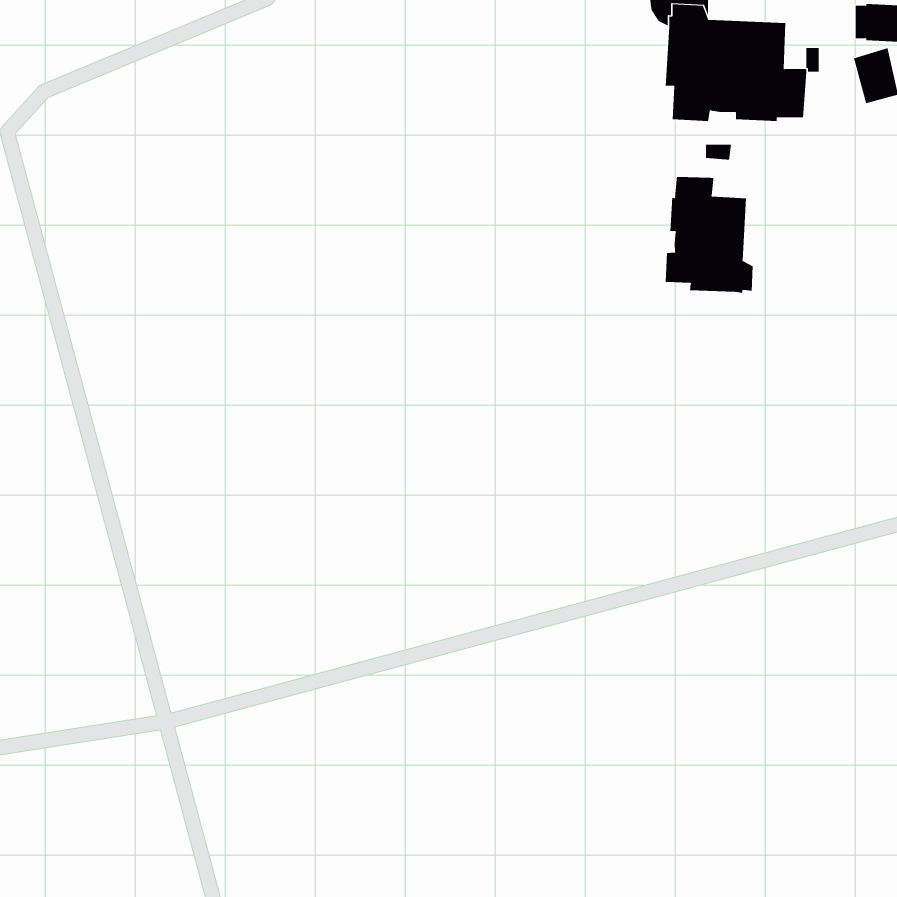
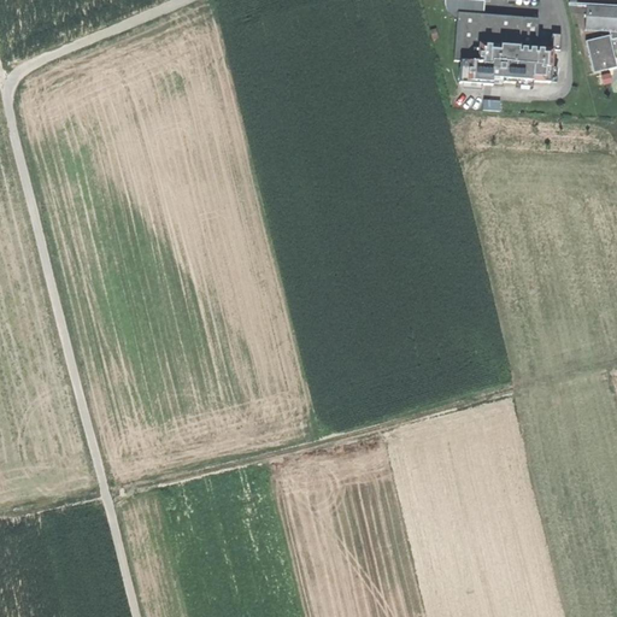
building: [665,176,753,293] -> none

